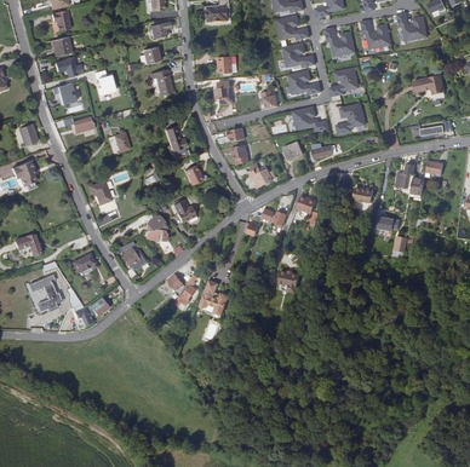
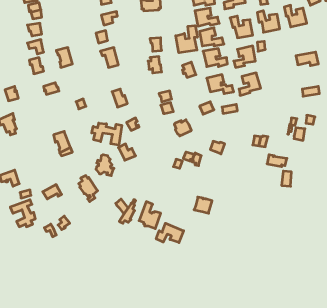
building: none -> [176,26,197,53]
building: none -> [92,123,122,145]
building: none -> [156,223,184,243]

